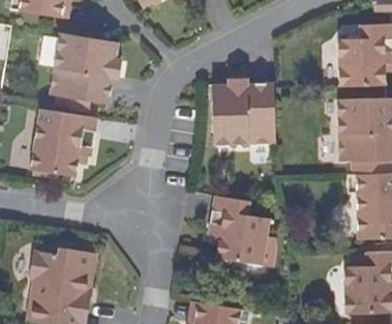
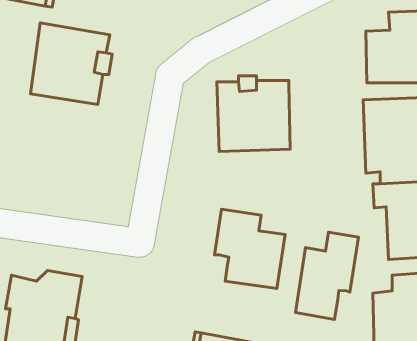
building: [32,108,97,172] -> none
building: none -> [296,232,358,319]

